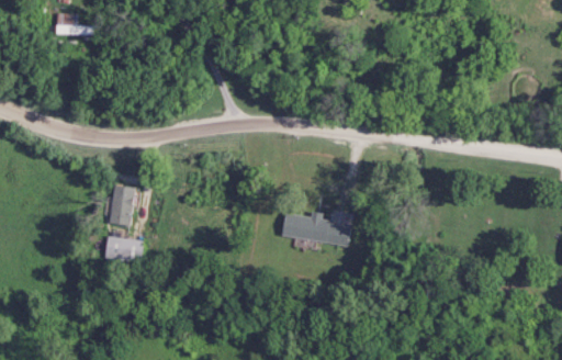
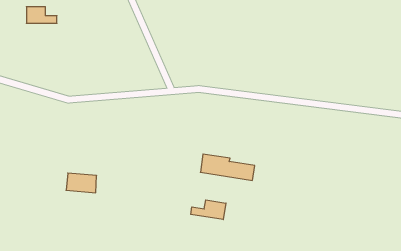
building: [110,184,137,226] -> none
building: none -> [191,200,226,220]

